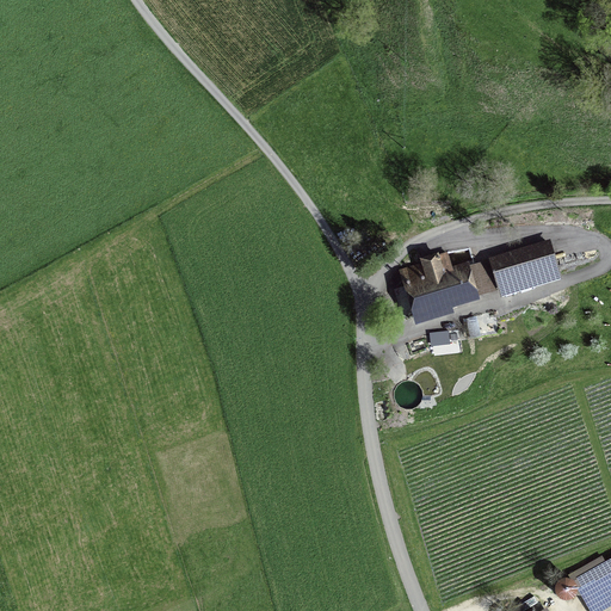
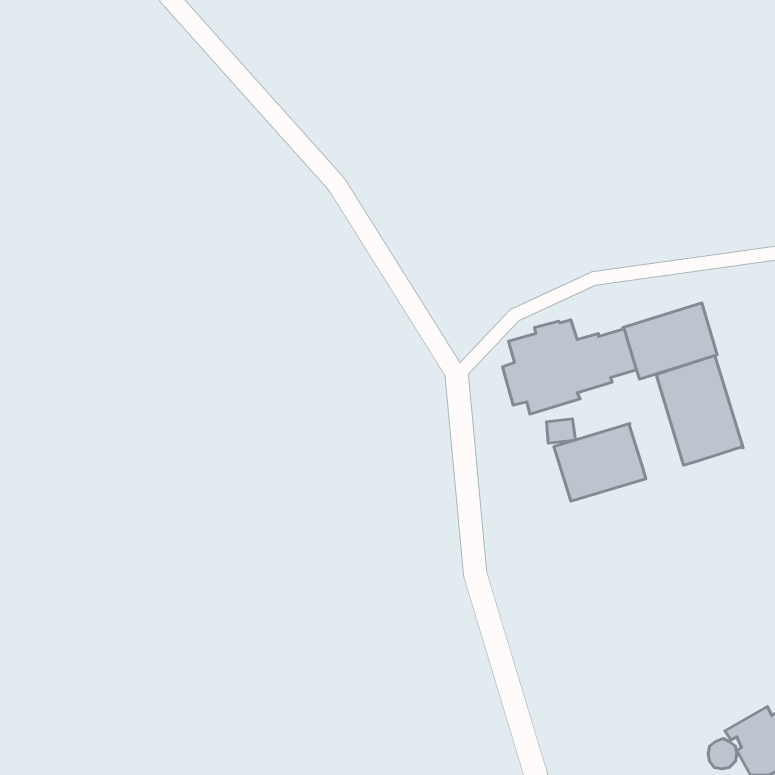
building: none -> [656,355,743,465]
building: none -> [554,424,646,501]

